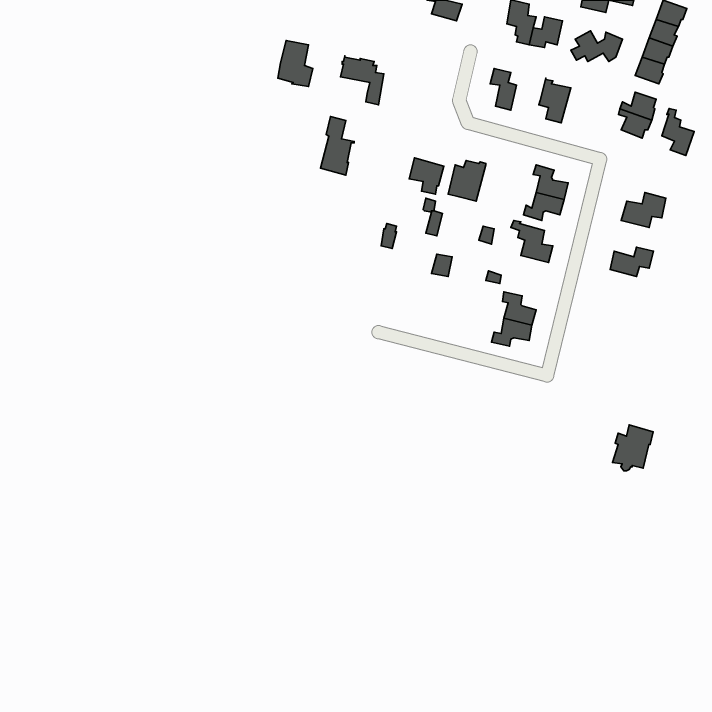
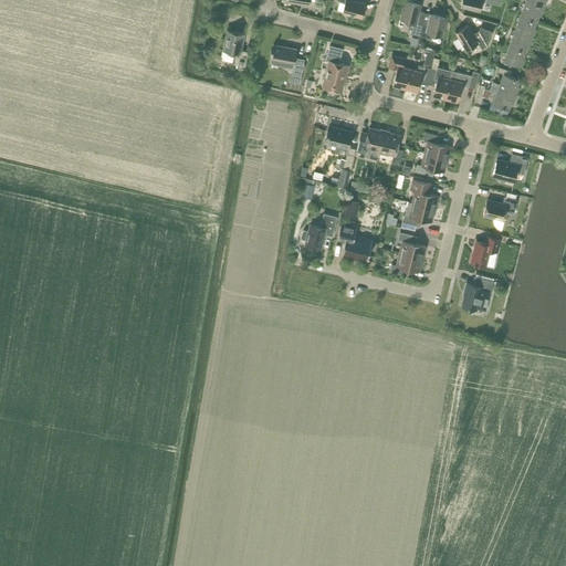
building: none -> [406,51,437,92]
building: none -> [446,71,480,102]
building: [662,109,694,155] -> none
building: [321,116,354,175] -> [323,45,349,92]
building: none -> [380,132,403,165]
building: none -> [403,202,436,226]
building: none -> [302,213,338,250]
building: none -> [338,222,374,261]
building: none -> [472,235,501,266]
building: [613,425,653,471] -> [462,276,494,313]

